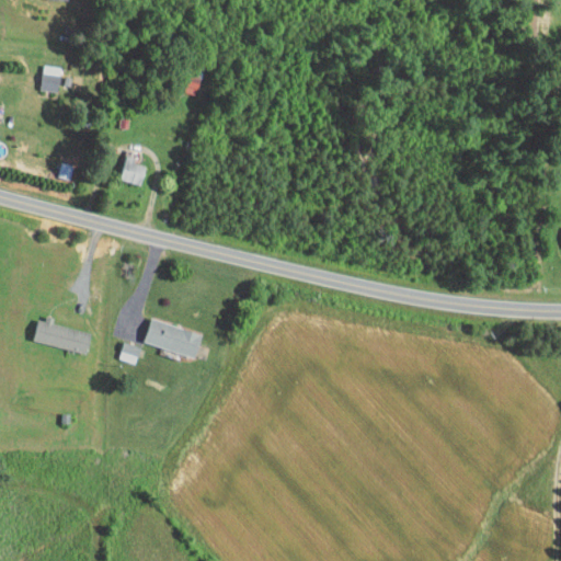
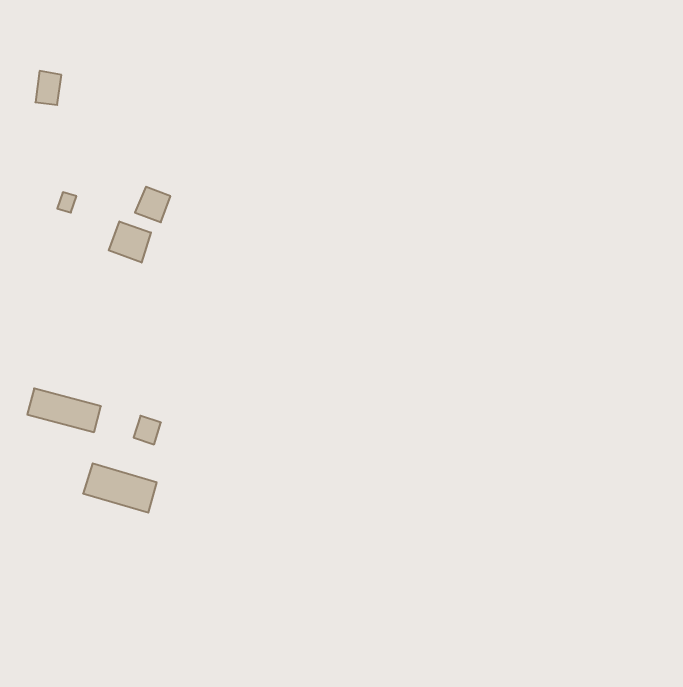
building: none -> [109,221,151,263]
building: [144,319,203,358] -> [83,463,157,513]

